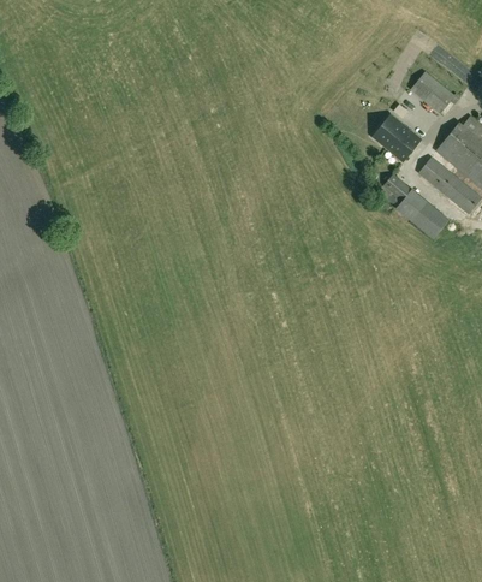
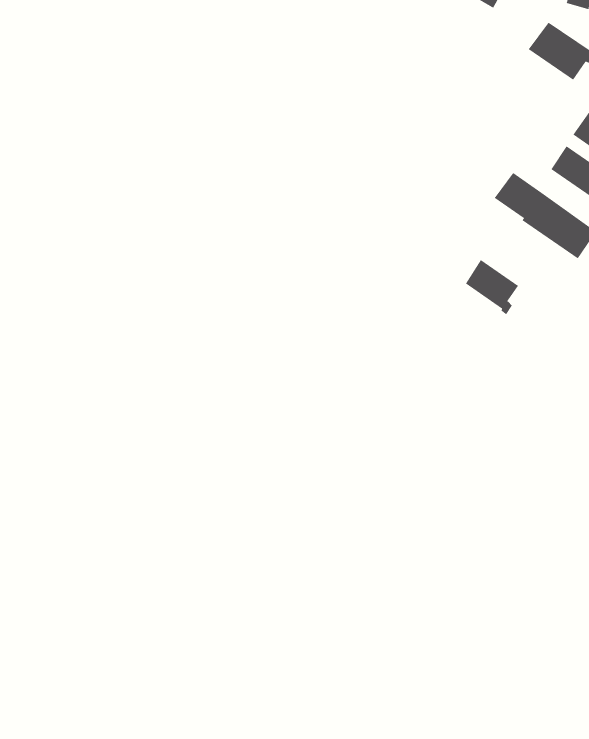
building: [371,114,419,161] -> none
building: none -> [465,259,519,315]

